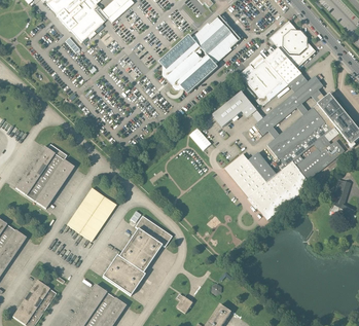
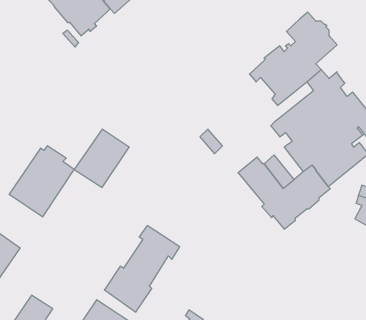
building: [159,16,239,94] -> none
building: [213,90,263,126] -> none
building: [67,187,117,241] -> [74,129,129,187]

